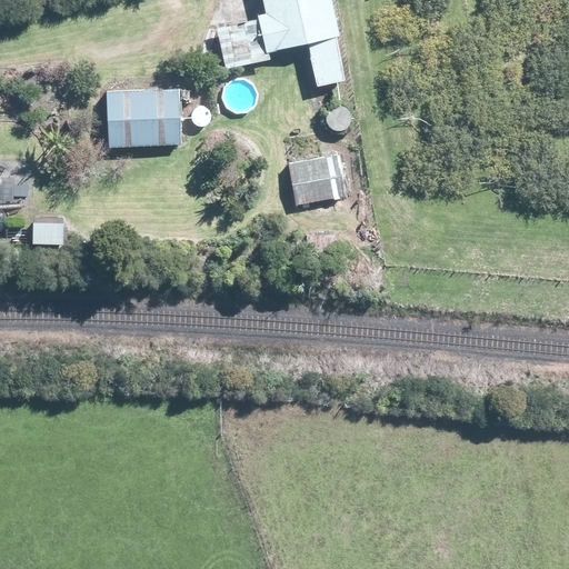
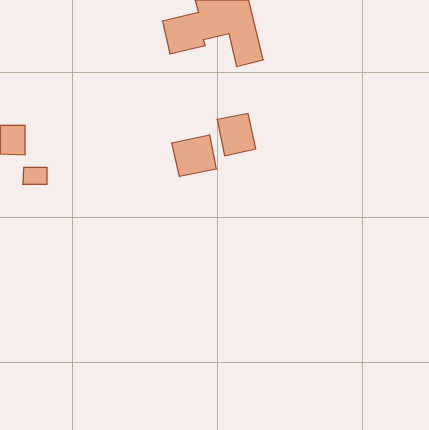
building: [107,88,180,144] -> none
building: none -> [172,135,216,177]

